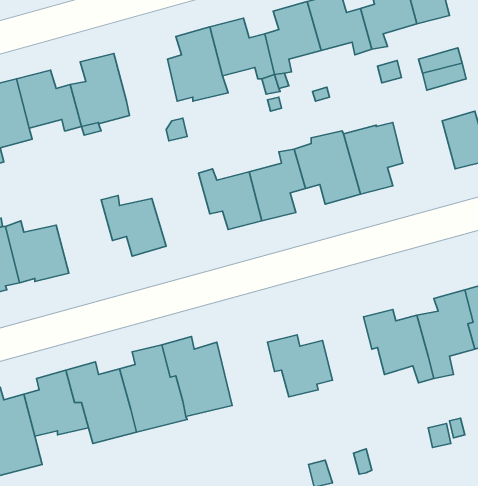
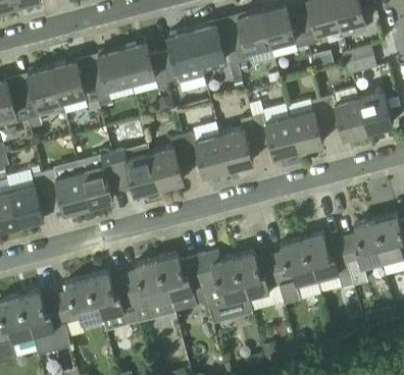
building: none -> [120,42,166,87]
building: none -> [322,89,367,140]
building: none -> [148,136,190,189]
building: none -> [79,155,119,208]
building: none -> [271,239,316,304]
building: none -> [195,255,251,322]

